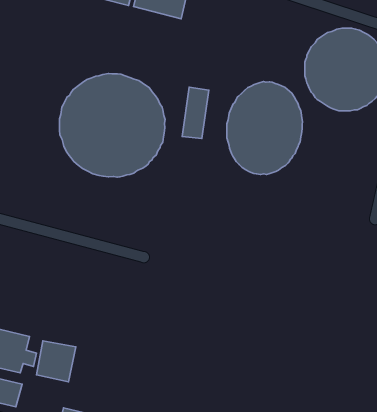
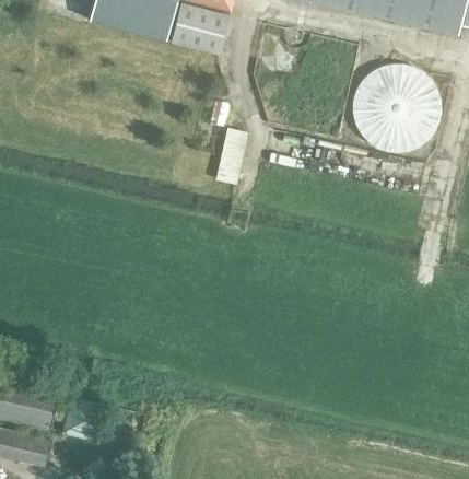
building: [59,73,165,177] -> none
building: [227,82,303,174] -> none

